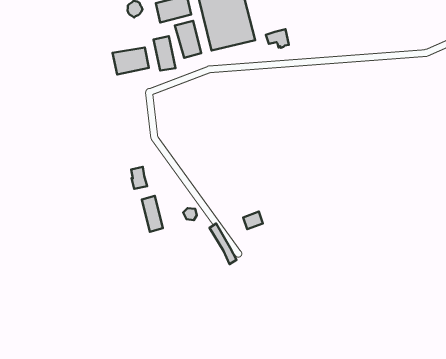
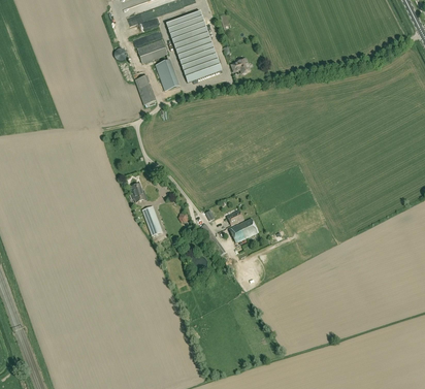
building: [112,47,149,75] -> none
building: none -> [229,218,258,242]

